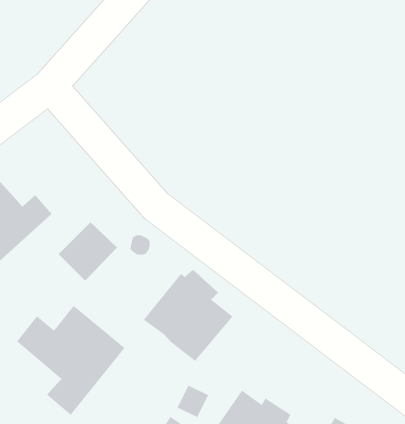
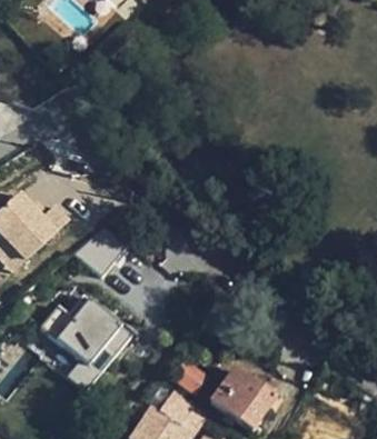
building: [143,269,234,362] -> none

